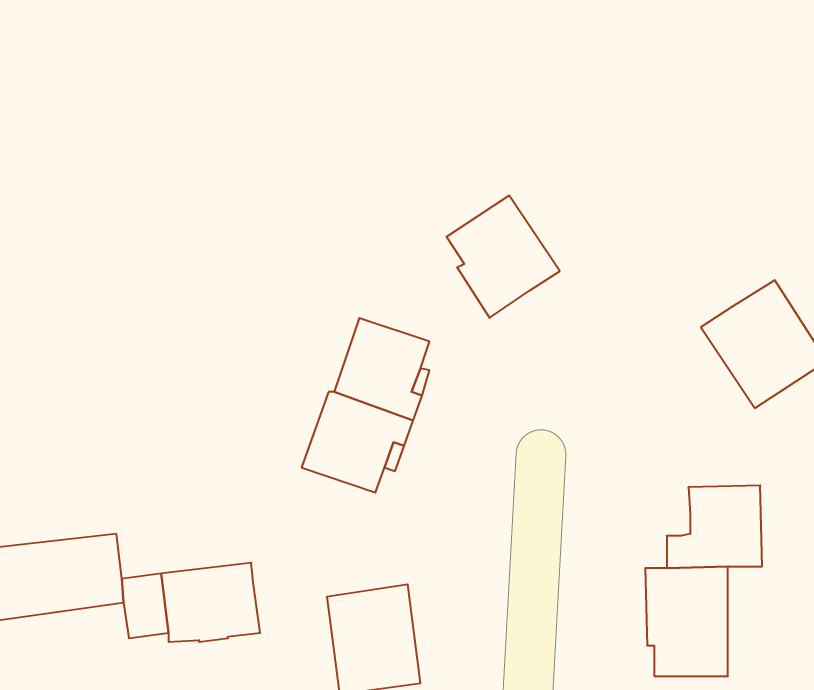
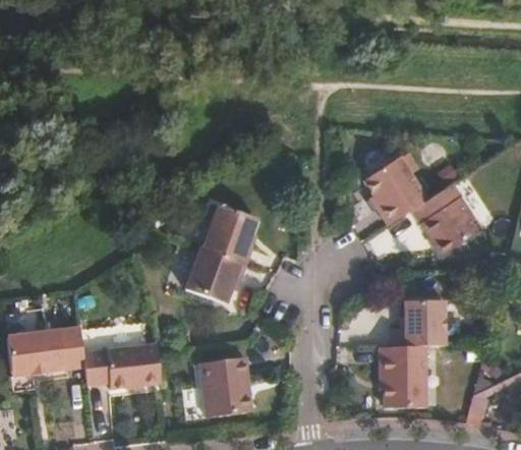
building: [446,196,560,318] -> [363,156,427,225]

